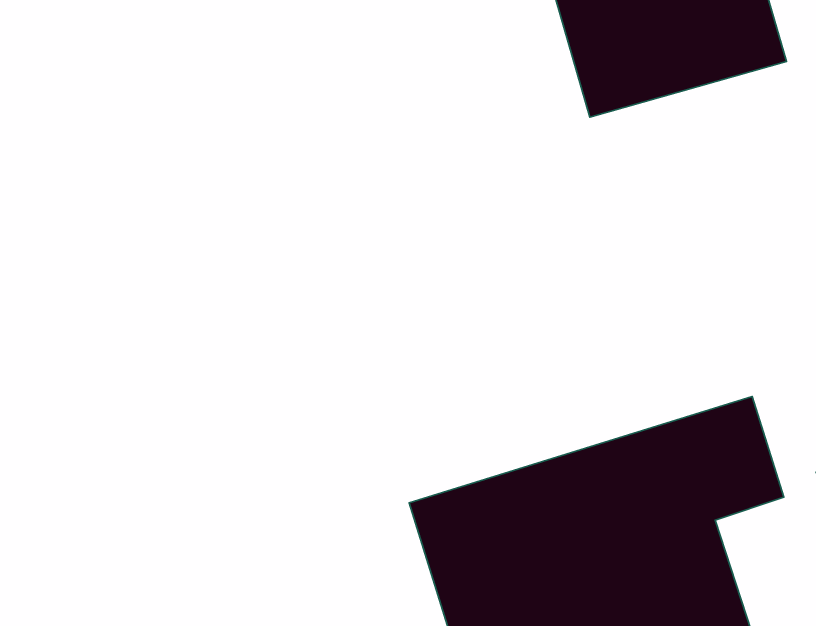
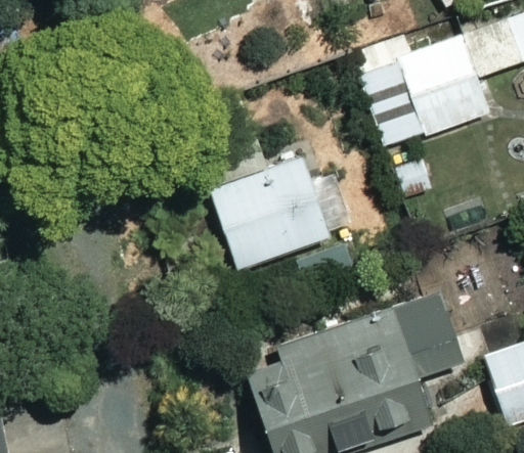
building: none -> [212,158,330,267]

